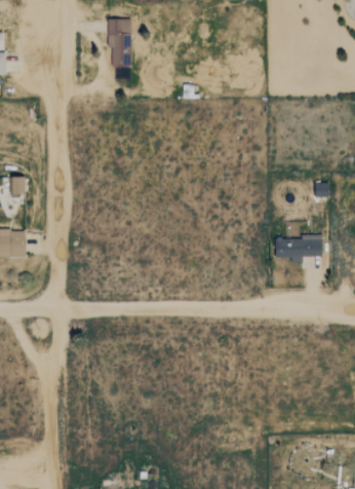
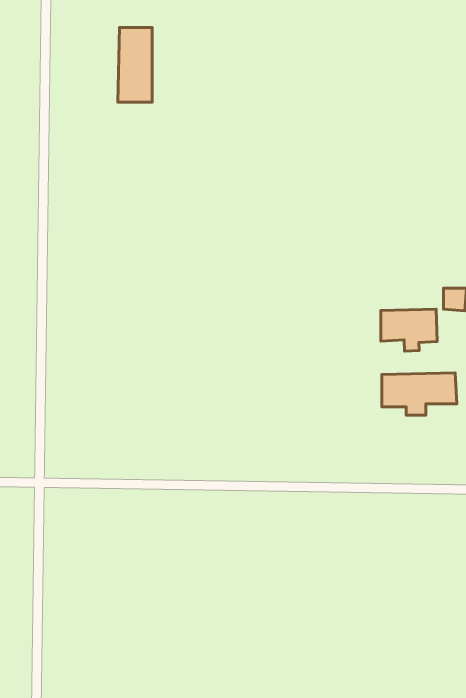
building: none -> [381,309,437,351]

